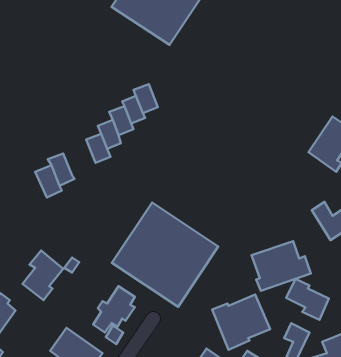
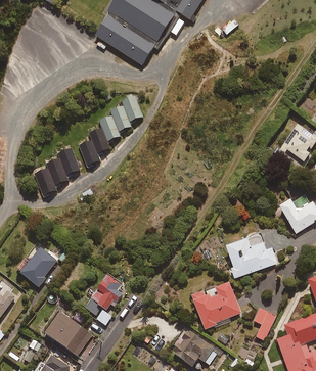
building: none -> [55,148,79,177]
building: [112,203,218,307] -> none
building: [286,279,329,320] -> none

